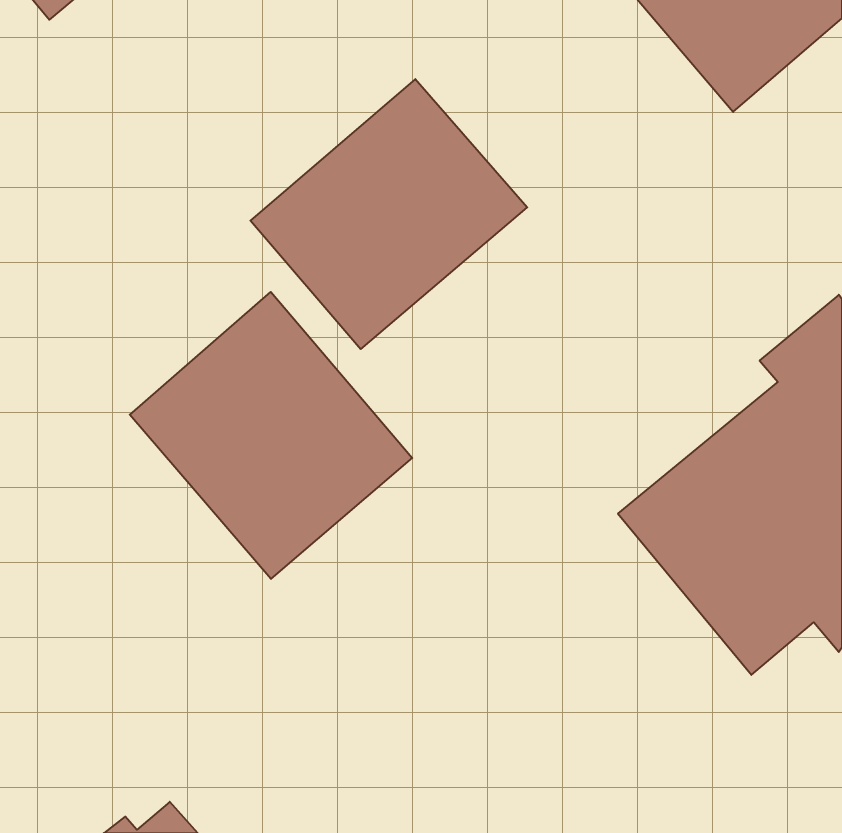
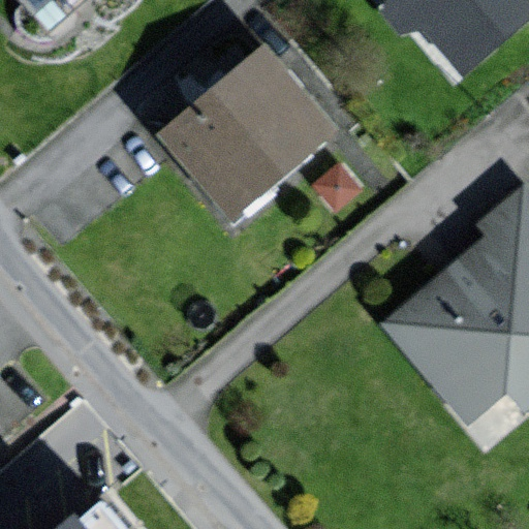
building: [130,292,412,579] -> none

